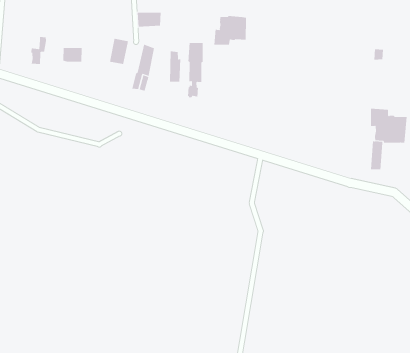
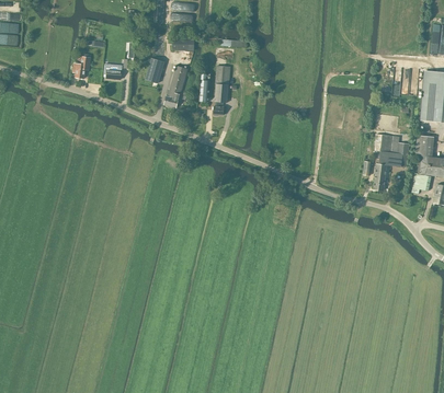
building: [214,15,246,46] -> none

